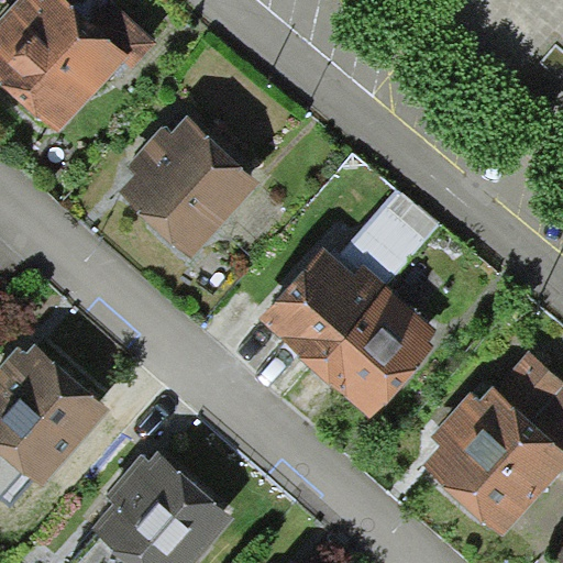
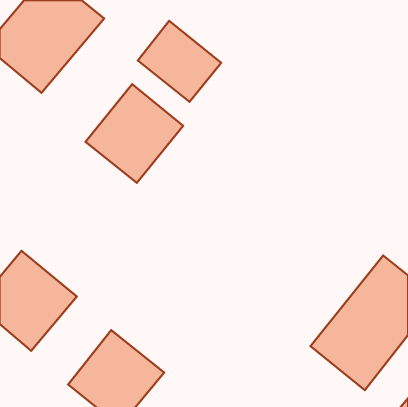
building: none -> [138,21,221,102]
building: [267,196,444,412] -> none

